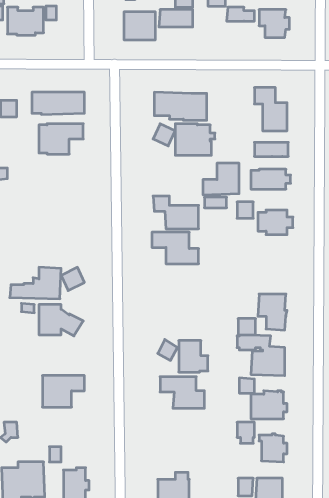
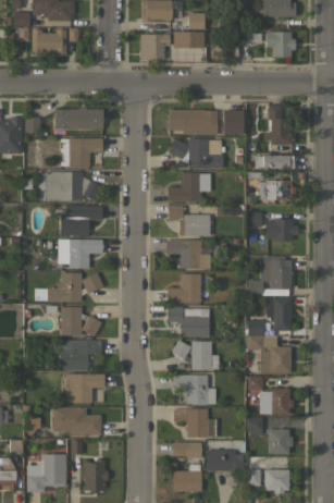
building: none -> [223,110,244,135]
building: none -> [39,171,102,201]
building: [203,163,239,195] -> [168,172,201,201]
building: none -> [60,206,102,235]
building: none -> [58,240,102,268]
building: none -> [247,256,292,294]
building: none -> [166,273,201,303]
building: none -> [168,307,209,336]
building: none -> [60,340,101,370]
building: none -> [53,407,101,438]
building: none -> [173,408,217,438]
building: none -> [173,442,201,458]
building: none -> [207,449,243,470]

